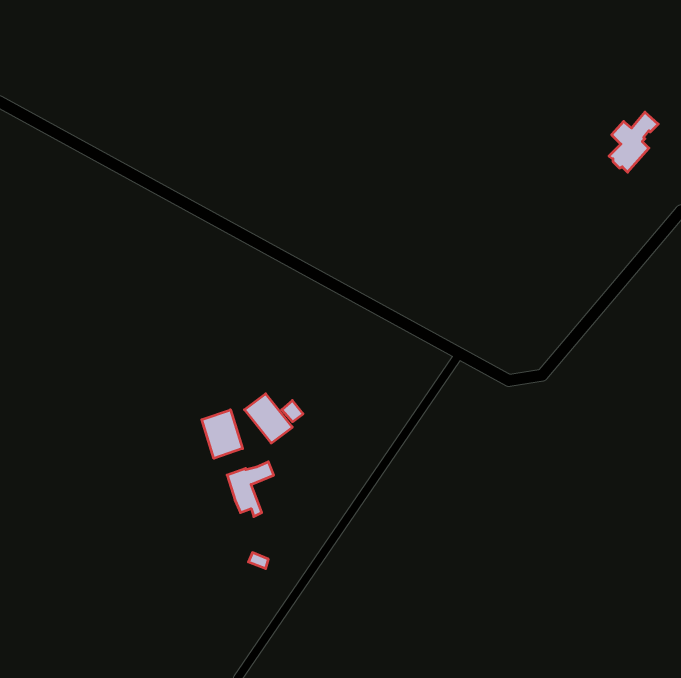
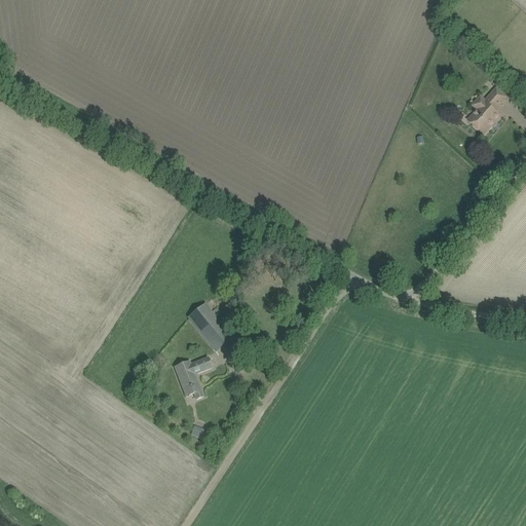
building: [202,410,243,458] -> none

